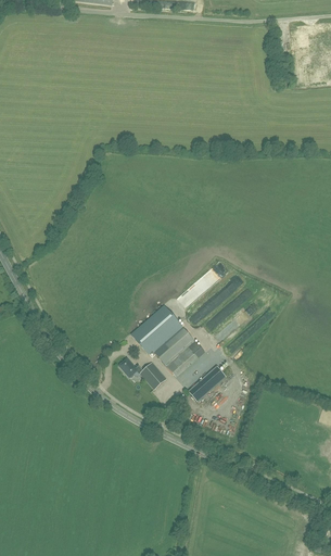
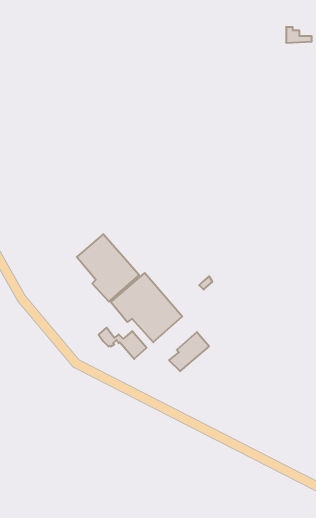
building: none -> [77,234,139,302]

